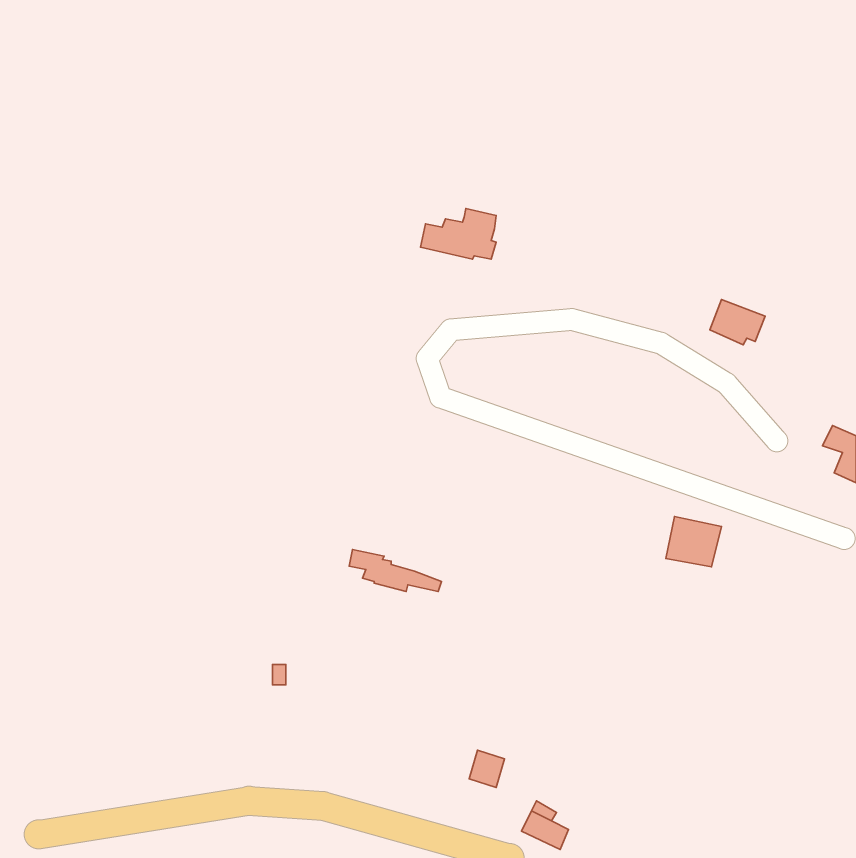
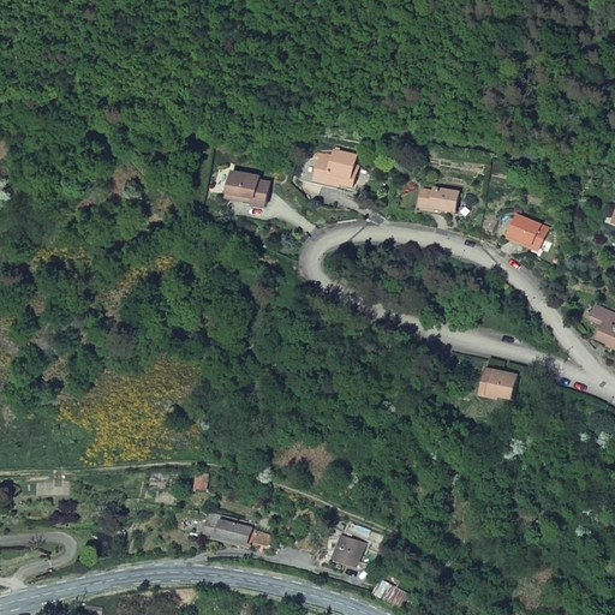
building: none -> [227,171,268,207]
building: none -> [418,187,456,210]
building: [349,549,442,592] -> [204,513,270,543]

